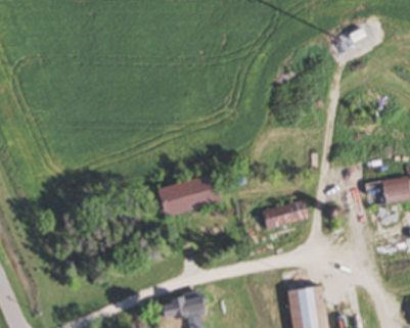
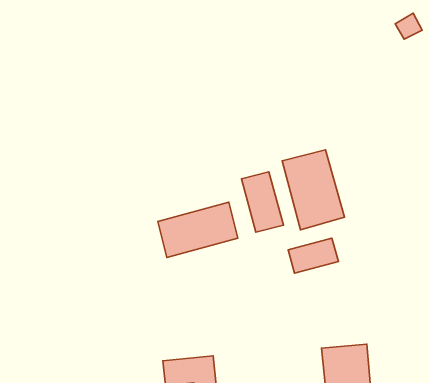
building: none -> [282,150,344,230]
building: none -> [241,172,283,232]

